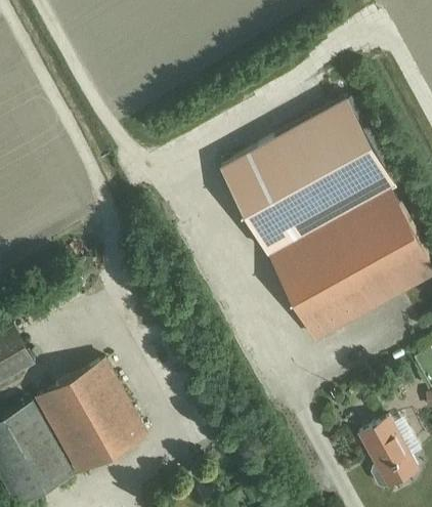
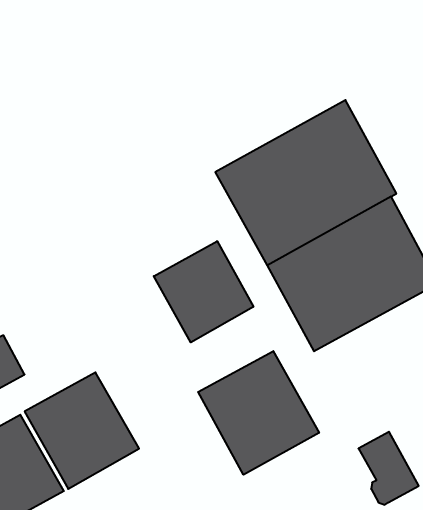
building: none -> [154,241,253,342]
building: none -> [198,351,319,475]

